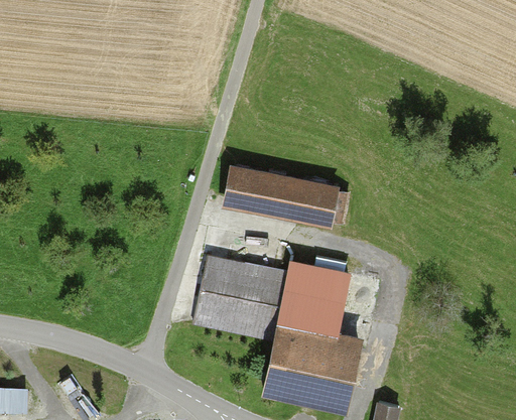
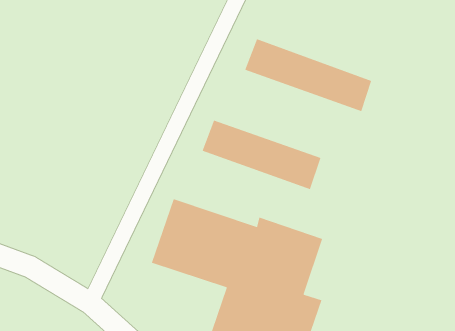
building: none -> [244,38,372,112]

